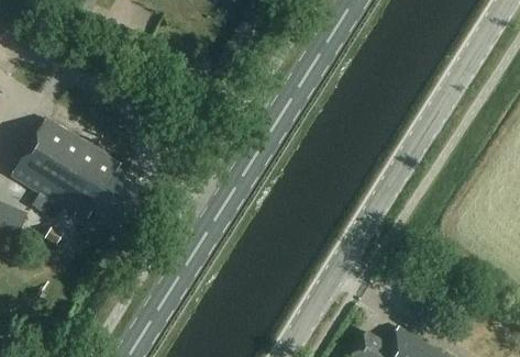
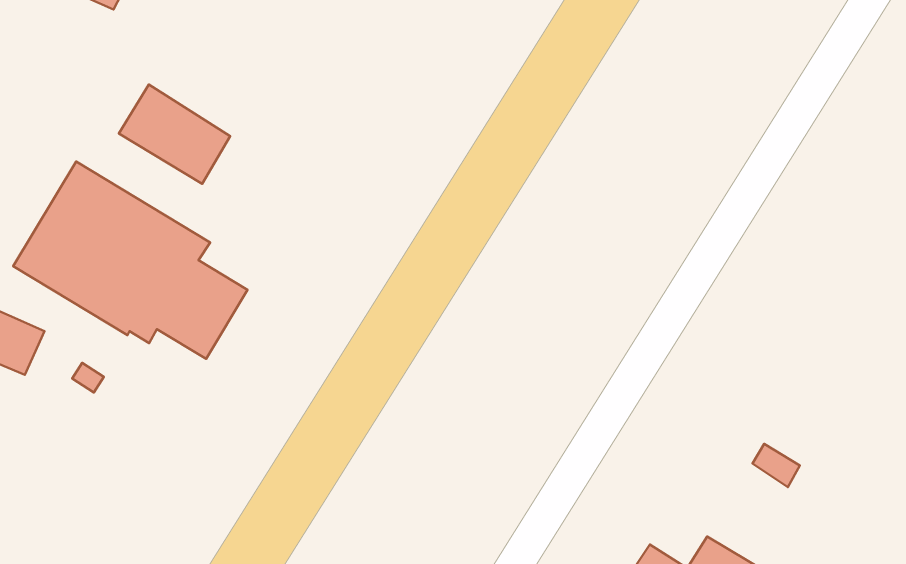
building: none -> [119,85,230,184]

